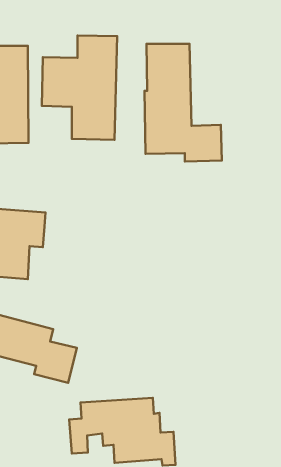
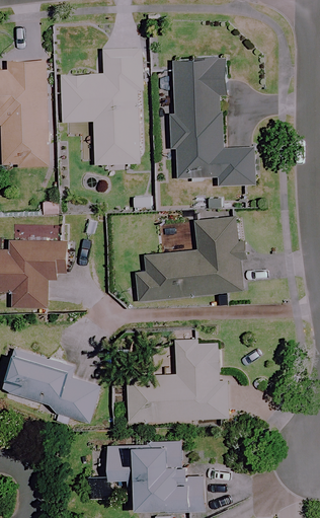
building: none -> [130,217,245,303]
building: none -> [127,339,229,423]

